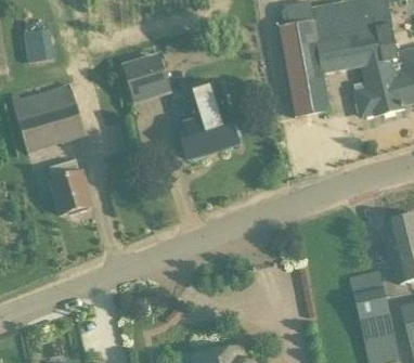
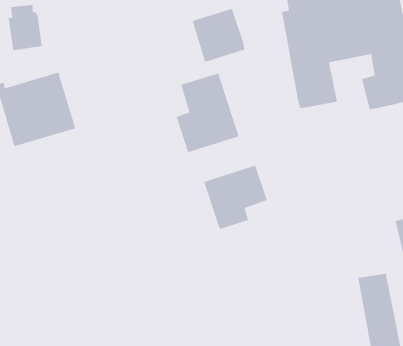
building: [120,52,170,103] -> [192,8,245,63]
building: [49,159,93,215] -> none
building: none -> [203,165,267,230]

